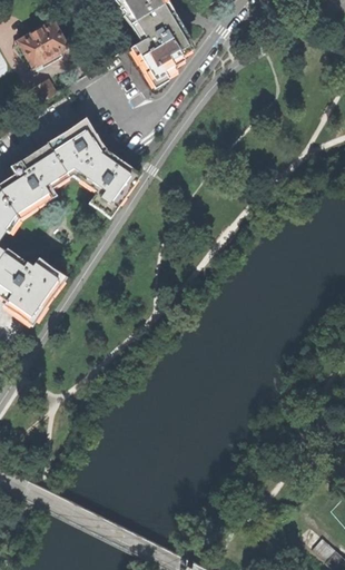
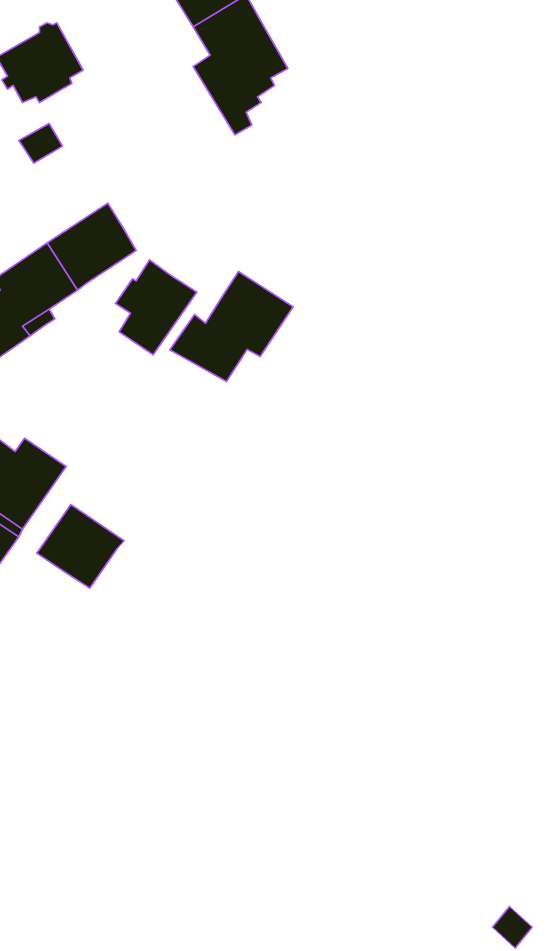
building: [72,149,109,180] -> none
building: none -> [170,272,293,382]
building: none -> [37,504,124,588]

